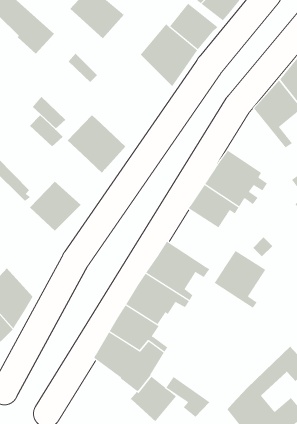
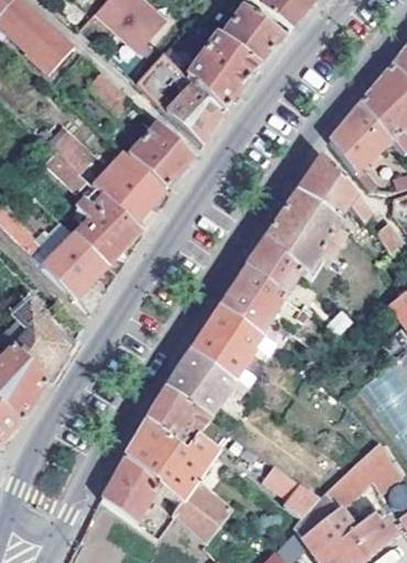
building: none -> [138,51,226,146]
building: none -> [128,121,194,188]
building: none -> [296,154,372,222]
building: none -> [75,198,138,263]
building: none -> [13,300,70,380]
building: [214,250,266,309] -> [218,267,285,342]
building: none -> [102,459,158,521]
building: [166,376,210,418] -> [263,464,320,517]

